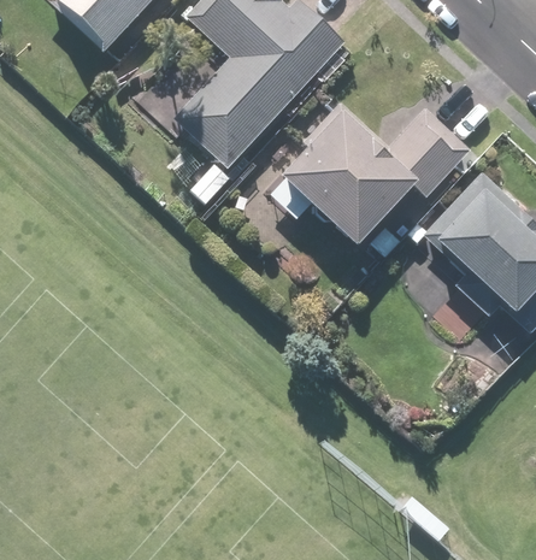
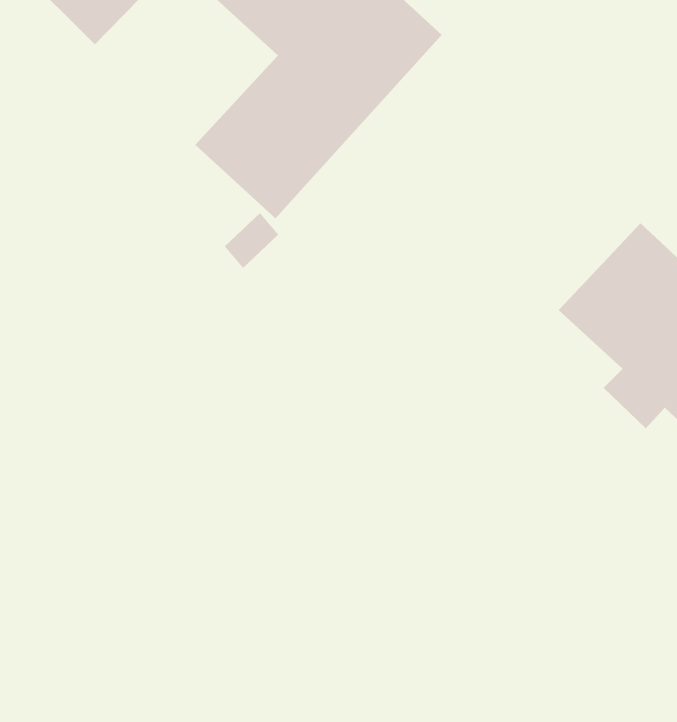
building: [275,107,471,252] -> none

